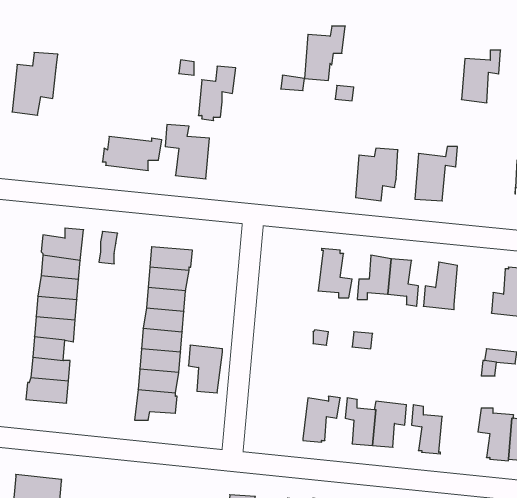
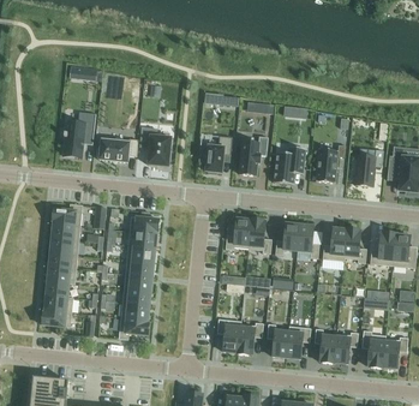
building: [305,26,345,80] -> [239,135,268,173]
building: [461,50,501,103] -> [354,148,382,185]
building: [12,52,58,115] -> [62,111,95,155]
building: [198,66,236,121] -> [205,135,232,173]
building: none -> [225,215,251,247]
building: none -> [343,226,366,262]
building: [188,345,222,393] -> [216,317,240,351]
building: none -> [333,330,358,362]

